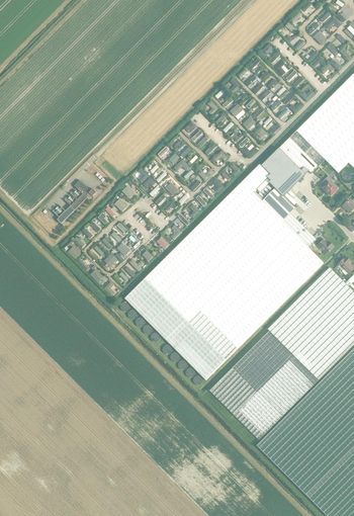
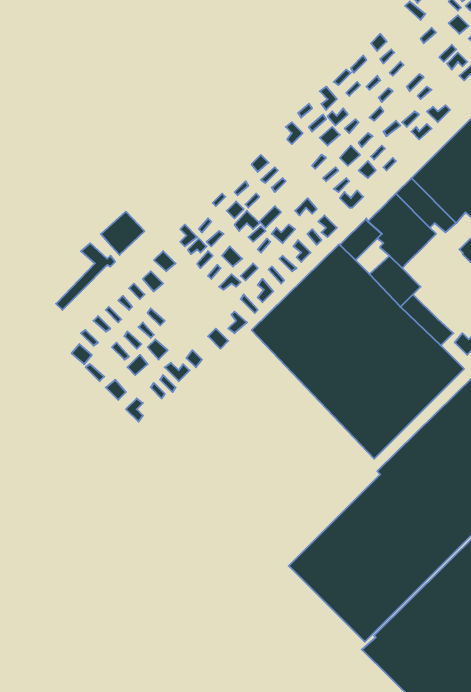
building: none -> [101,212,144,255]
building: [124,237,265,378] -> none

